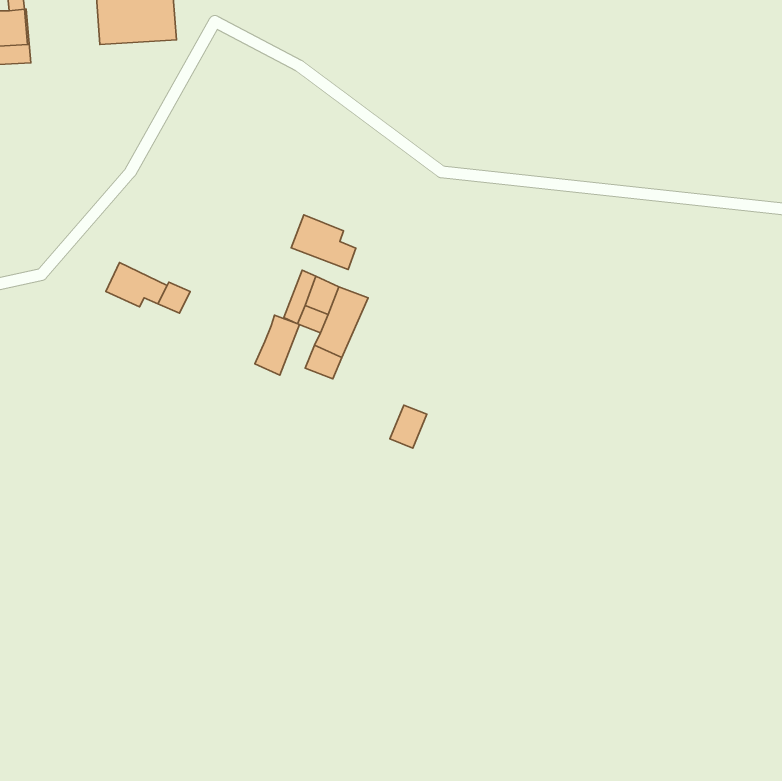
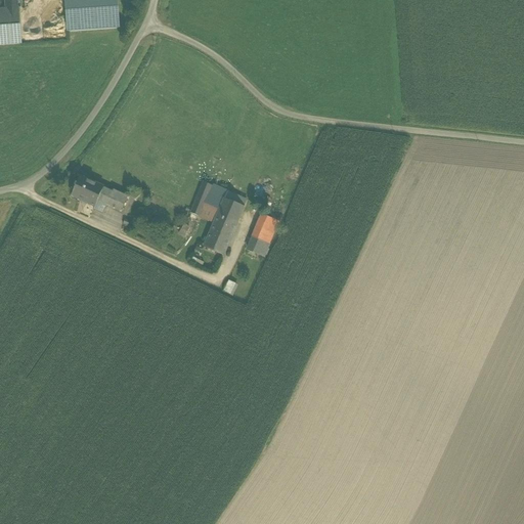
building: [291,215,356,269] -> none
building: [255,315,300,375] -> none
building: [390,405,427,448] -> [252,214,276,243]

